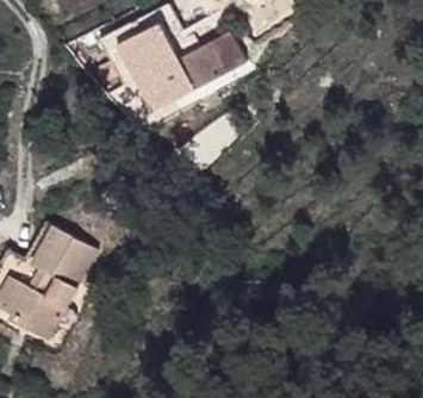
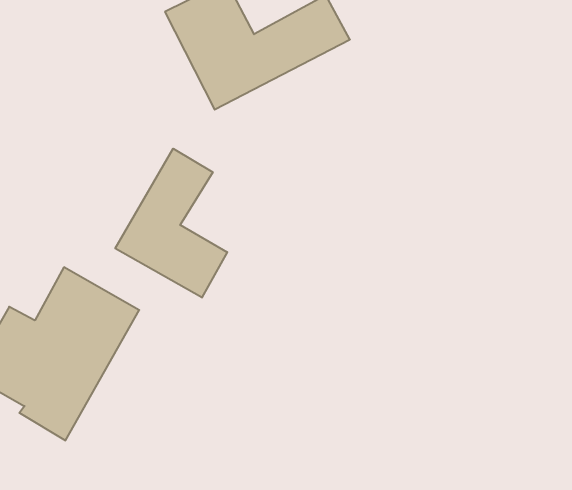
building: none -> [115,149,227,298]

